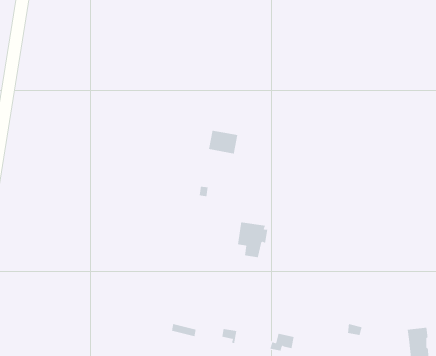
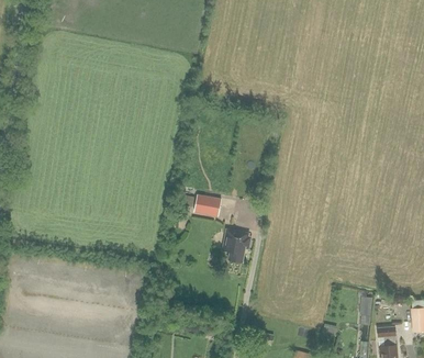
building: [208,130,238,154] -> [193,194,221,216]

